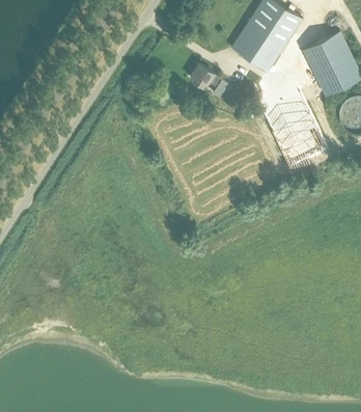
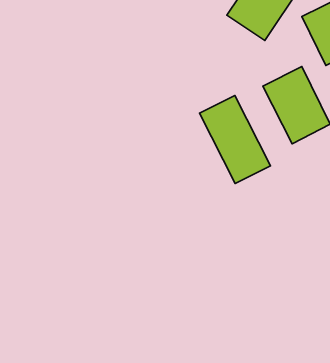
building: [190,65,228,99] -> none
building: none -> [199,95,271,184]

